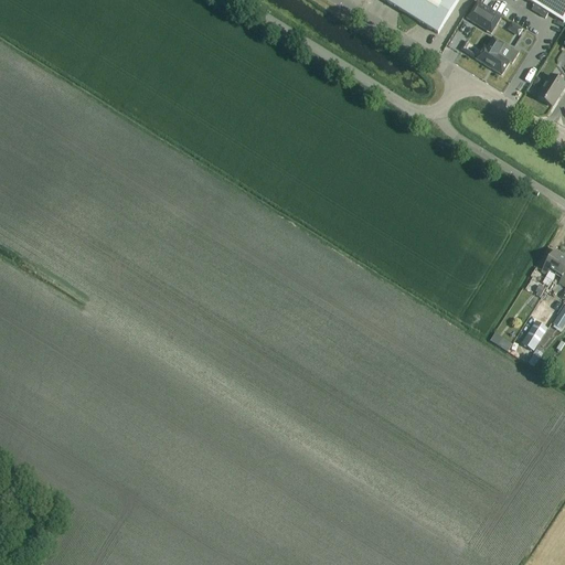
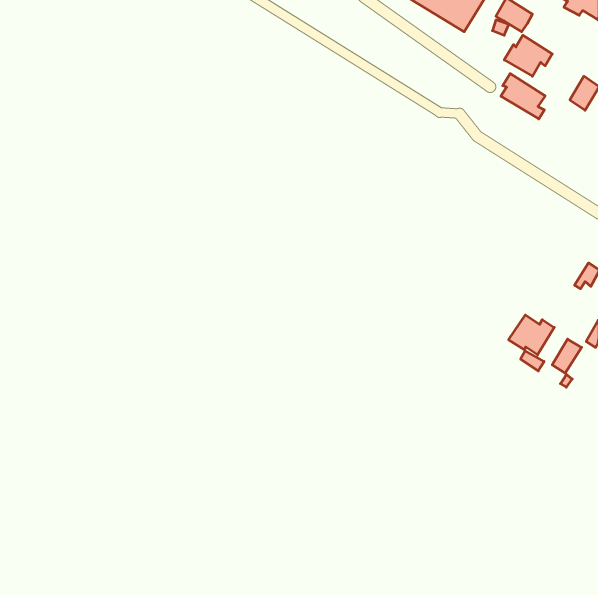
building: none -> [501,74,545,119]
building: none -> [509,315,554,355]

